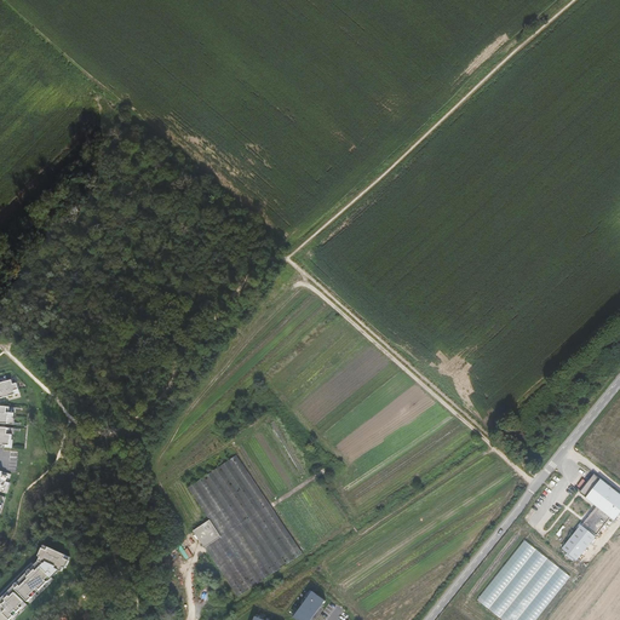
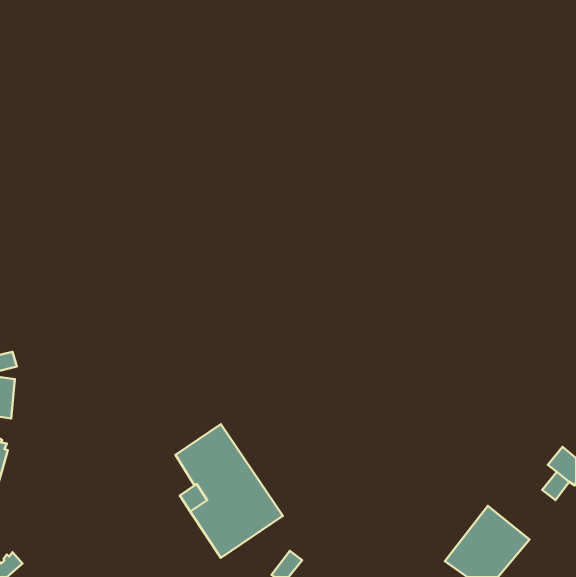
building: [561,524,595,559] -> none
building: [13,544,69,601] -> none

